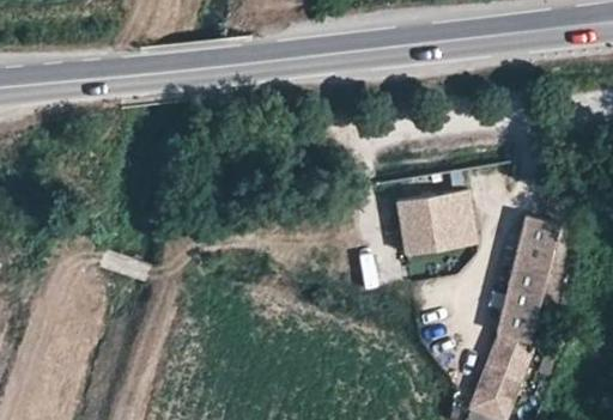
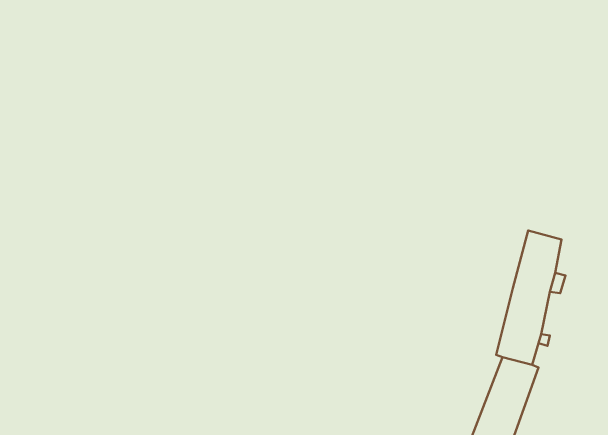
building: [399,191,478,256] -> none

